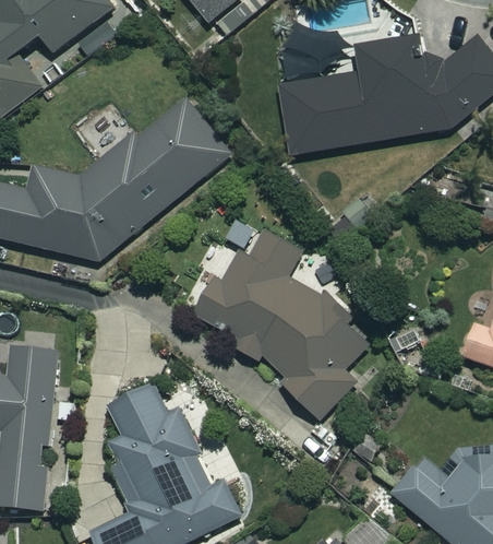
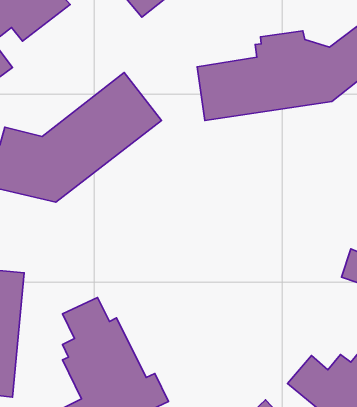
building: [181,218,381,421] -> none

